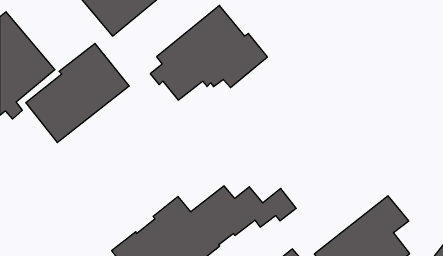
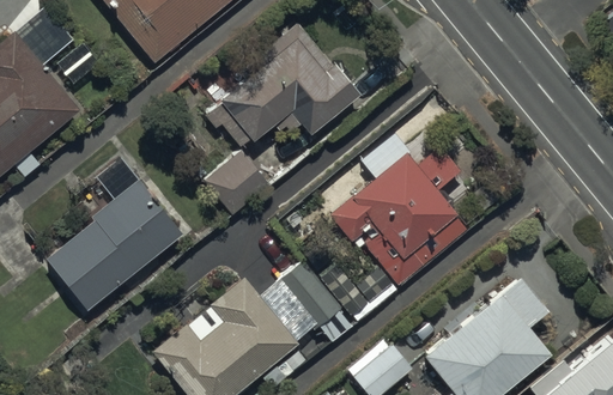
building: [26,43,129,143] -> [45,177,183,309]
building: none -> [330,146,472,288]
building: none -> [205,153,268,215]

